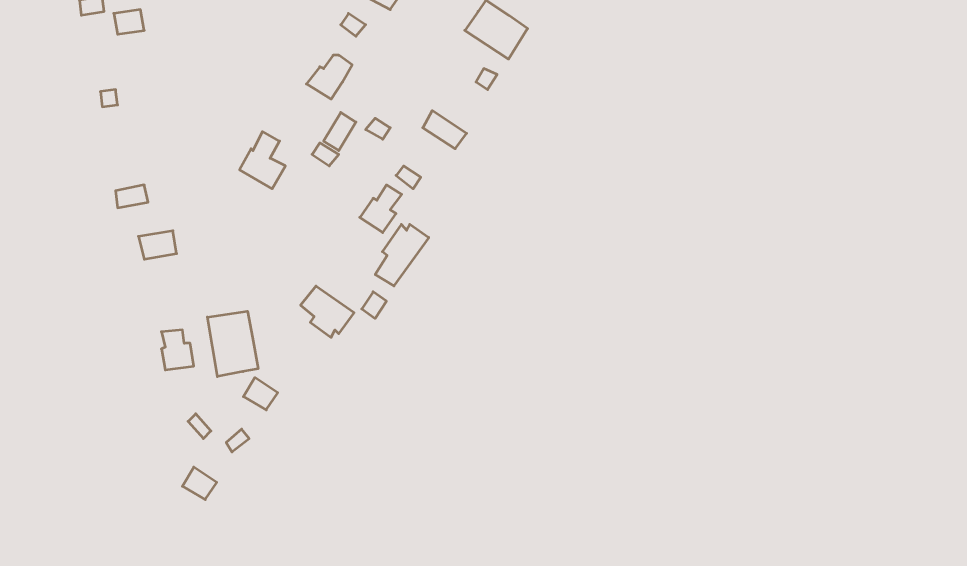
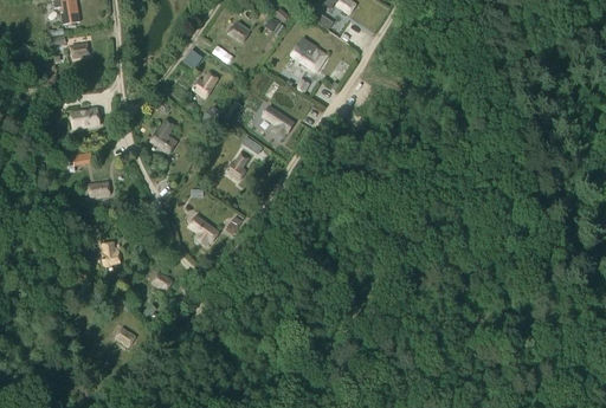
building: none -> [67,108,99,131]
building: [375,224,429,286] -> none
building: [207,311,258,377] -> none

